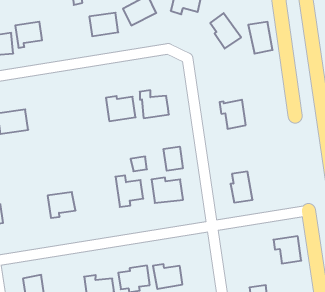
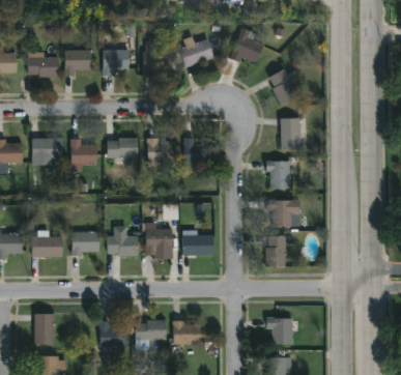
building: none -> [103,42,128,76]
building: [248,22,273,54] -> [280,117,302,148]
building: none -> [107,137,139,163]
building: none -> [69,138,97,164]
building: none -> [265,199,300,226]
building: [164,147,183,171] -> none
building: none -> [107,235,138,256]
building: none -> [32,229,63,256]
building: [273,236,301,263] -> [267,317,293,343]

